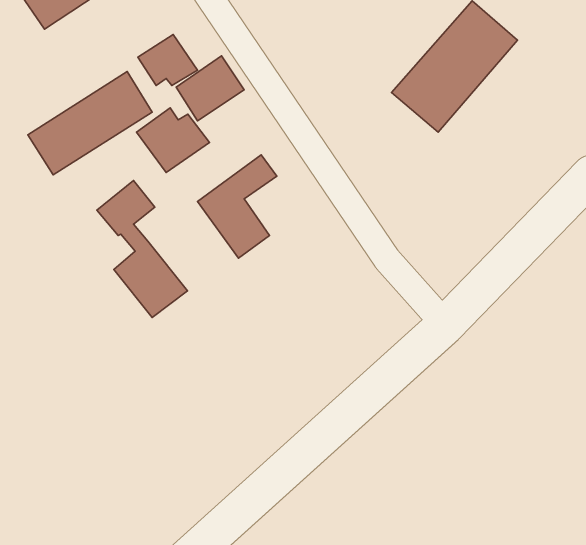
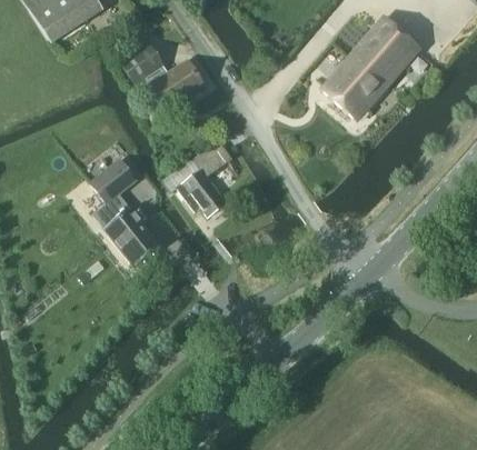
building: [28,71,152,175] -> none
building: [136,108,210,173] -> none

